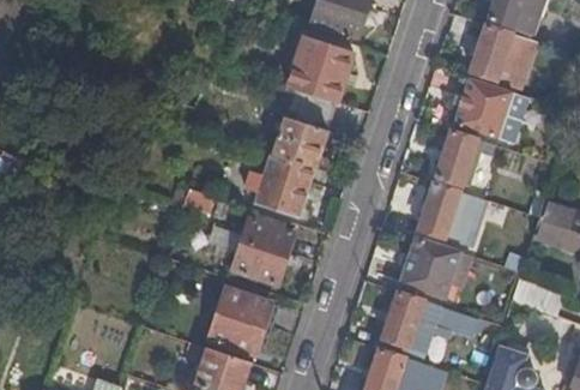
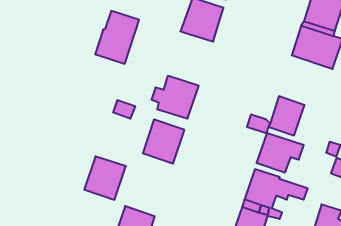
building: [271,88,337,167] -> [95,11,139,64]
building: [437,130,484,184] -> none
building: [209,287,271,352] -> [84,156,126,200]

